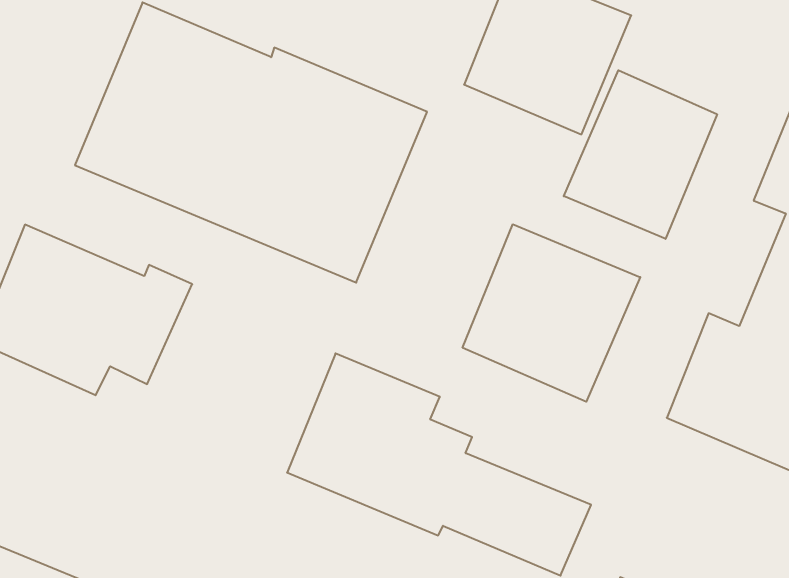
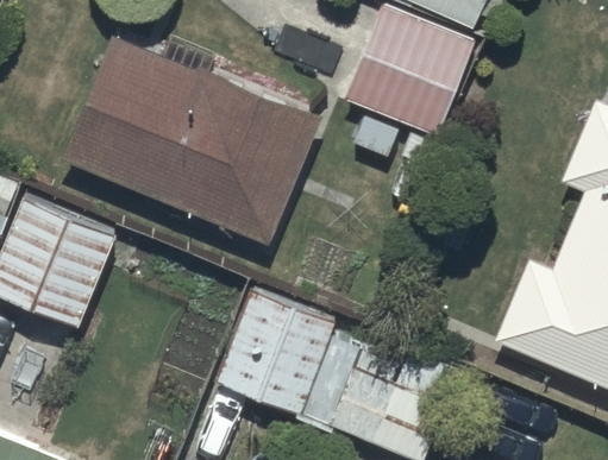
building: [564,70,717,239] -> none
building: [463,224,640,402] -> none

